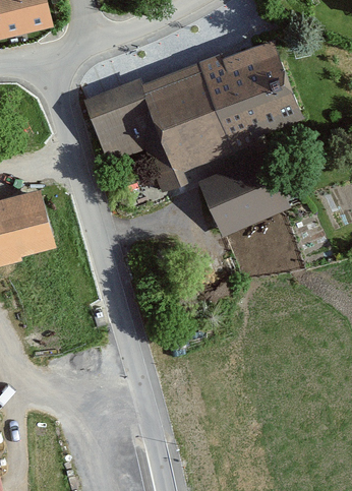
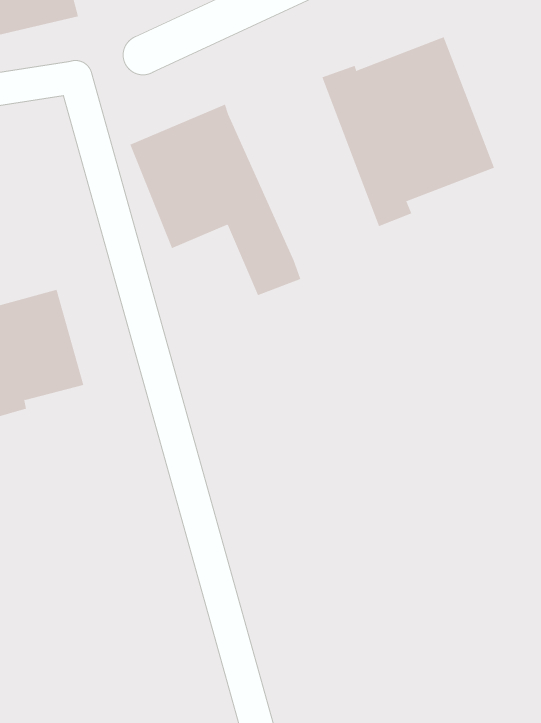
building: [142,62,233,173] -> none
building: [196,154,290,239] -> none

